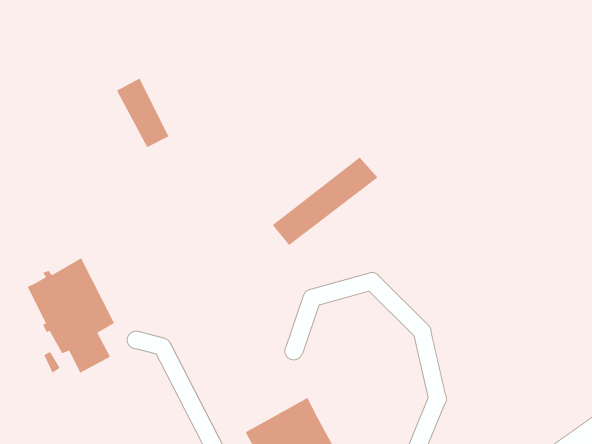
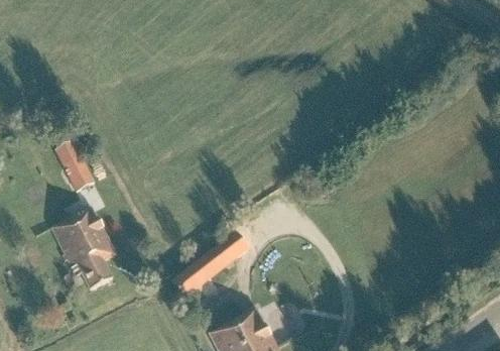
building: [116,78,169,148] -> [54,140,93,191]
building: [272,157,378,246] -> [171,232,248,297]

